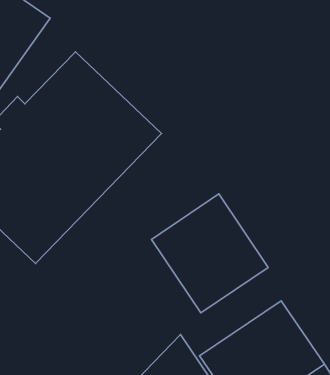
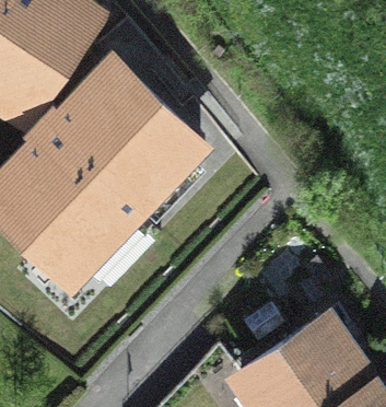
building: [152,194,268,313] -> none

